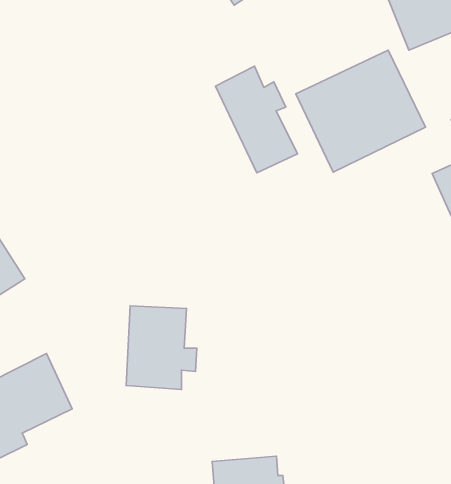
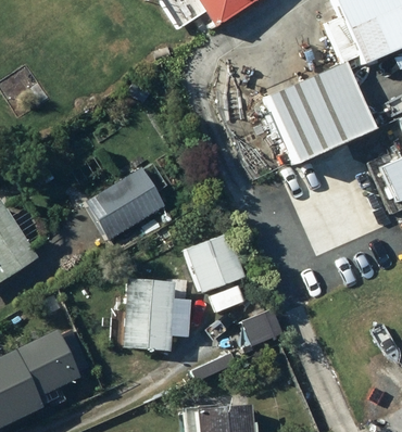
building: [216,66,297,173] -> none
building: none -> [86,165,164,237]
building: none -> [185,228,246,292]

